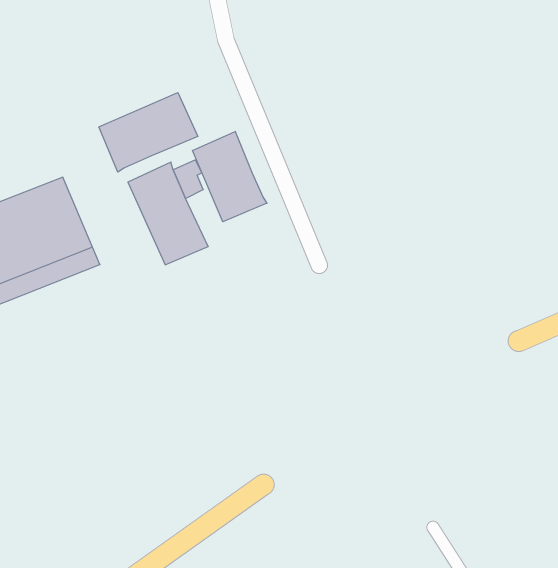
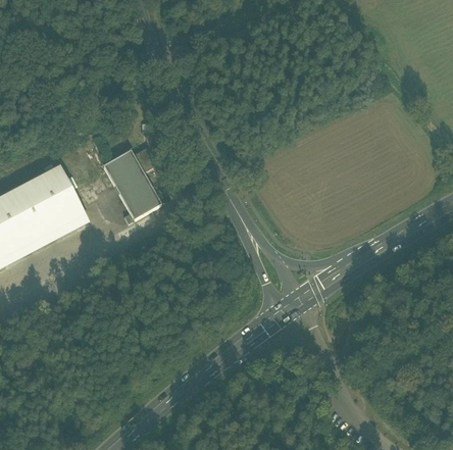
building: [99,93,198,172] -> none
building: [192,131,267,222] -> none

